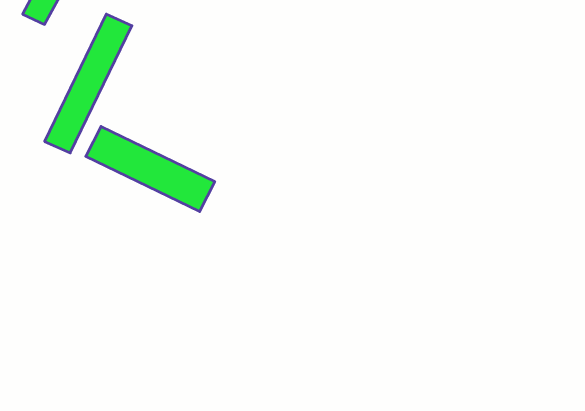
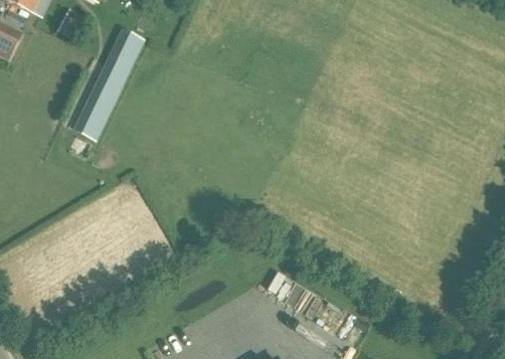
building: [86,126,215,212] -> none

